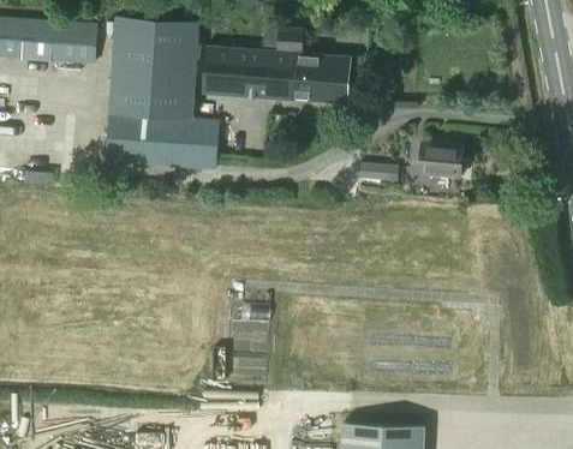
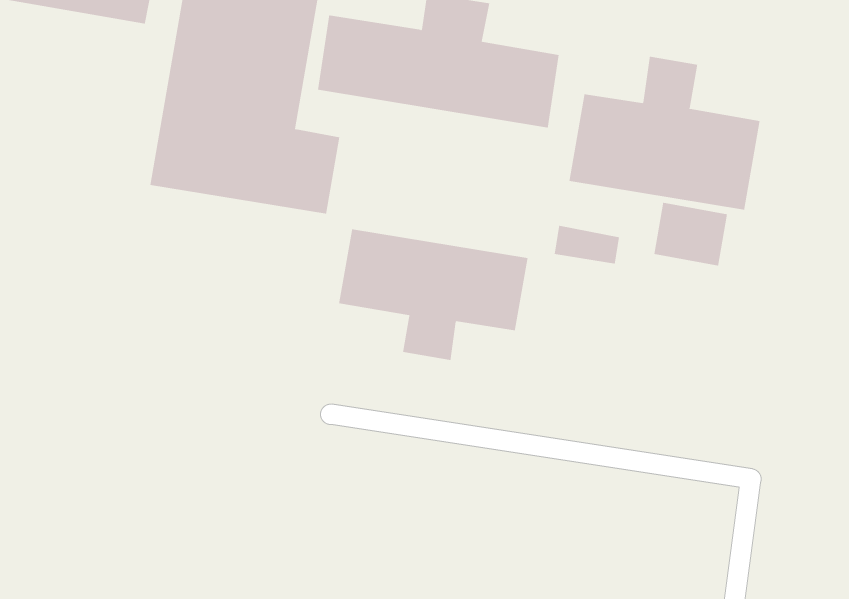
building: none -> [569,56,760,211]
building: none -> [338,228,528,361]

